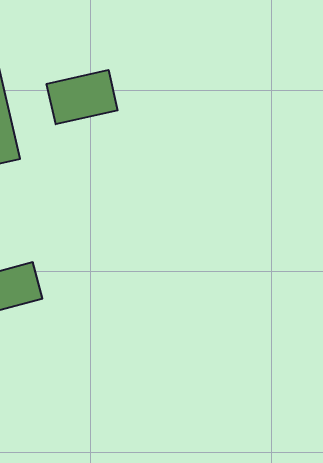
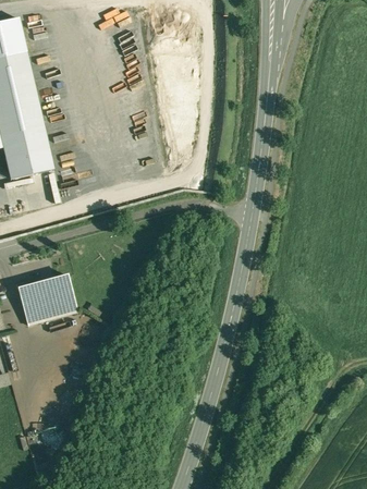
building: [47,70,118,124] -> none

